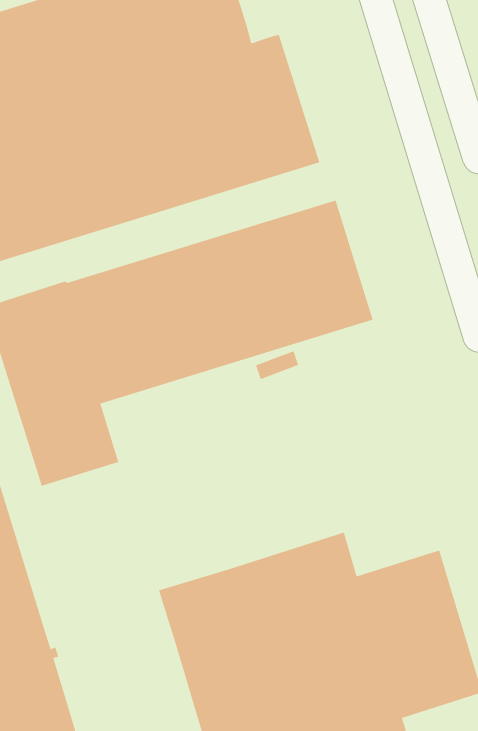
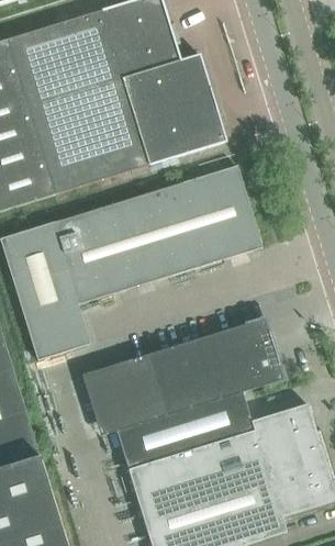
building: none -> [93,319,281,432]

